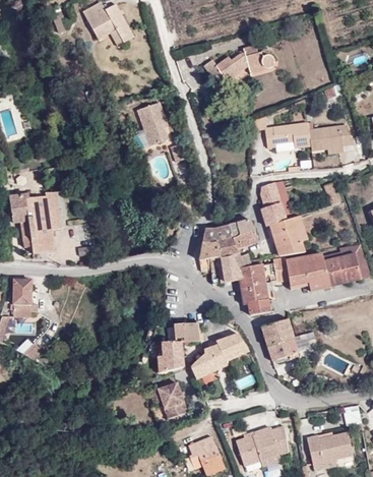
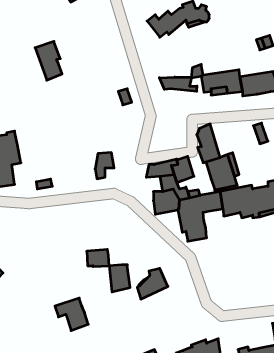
building: [137,102,168,145] -> [35,41,62,80]
building: none -> [159,77,197,91]
building: [199,241,221,271] -> [95,153,114,179]
building: [261,318,299,360] -> none
building: [174,322,199,342] -> [87,249,109,267]
building: [215,334,249,361] -> none
building: [149,381,187,418] -> [55,298,88,331]

